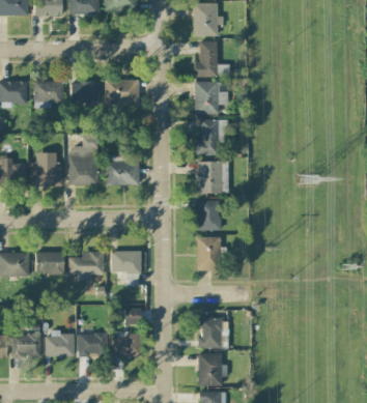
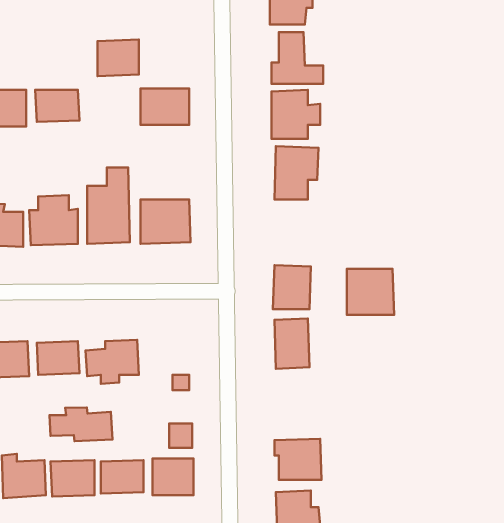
building: [72,81,100,106] -> [98,40,139,76]
building: [197,162,229,193] -> [347,269,394,315]
building: [112,251,141,274] -> none
building: none -> [50,408,113,441]

